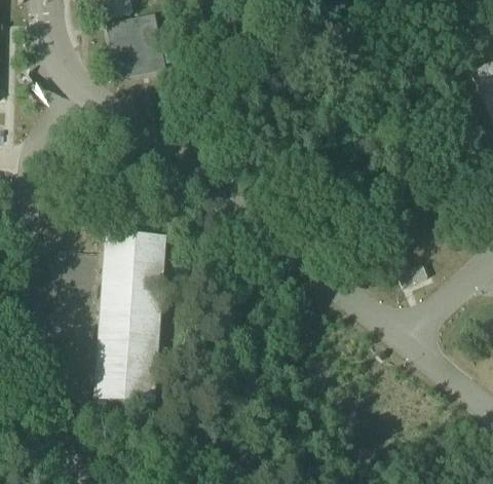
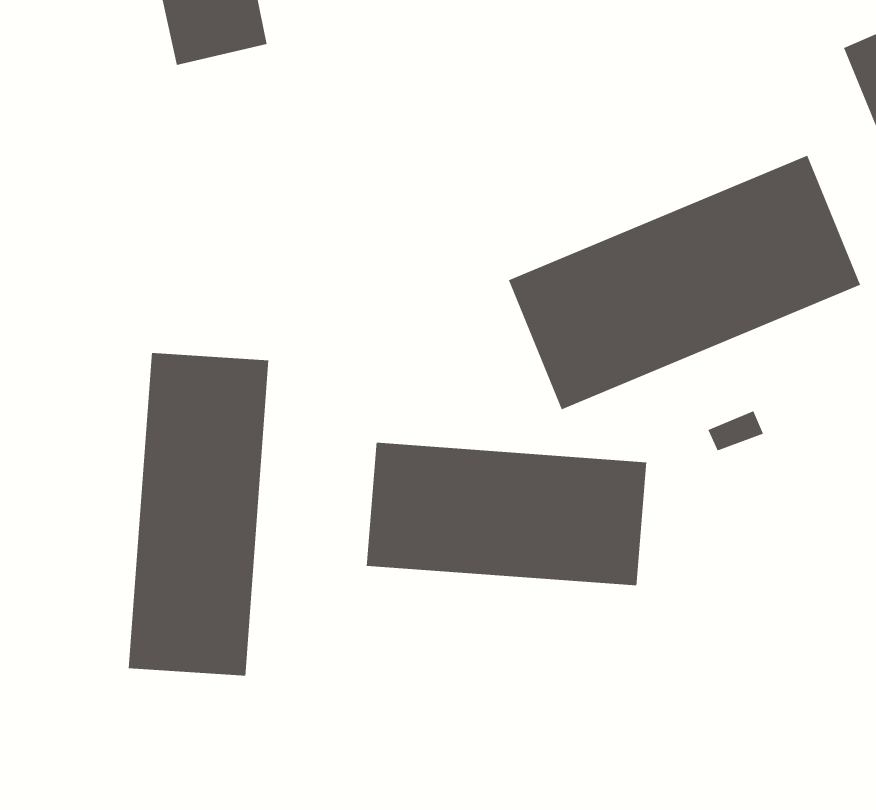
building: none -> [508,155,861,410]
building: none -> [366,442,647,586]

